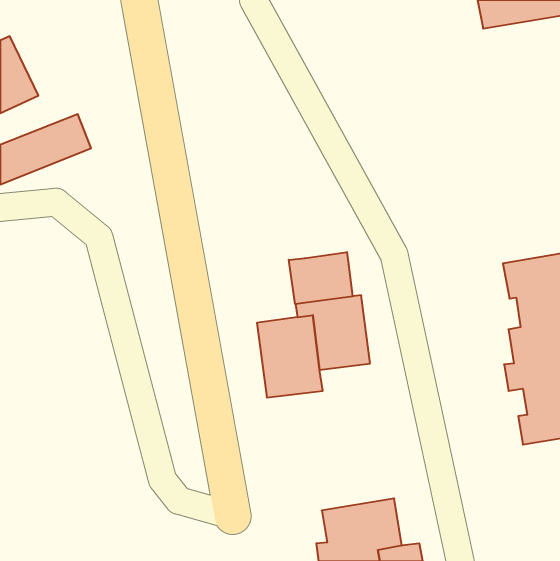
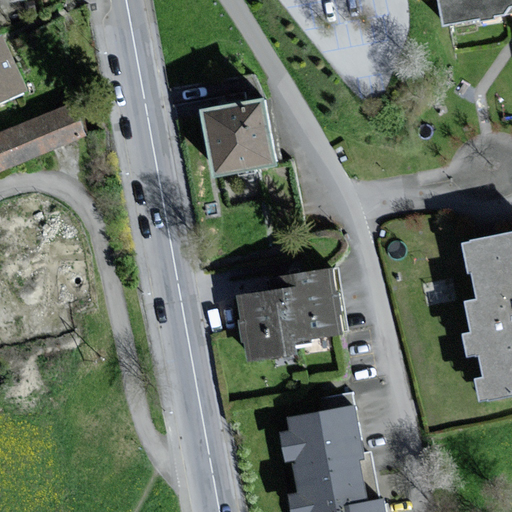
building: none -> [197,96,273,173]
building: [289,252,353,304] -> none
building: none -> [279,405,360,465]

